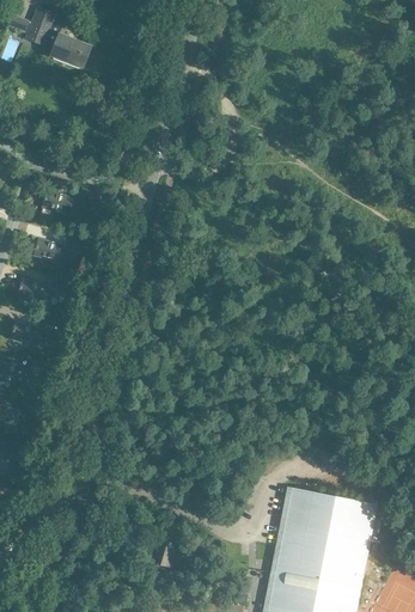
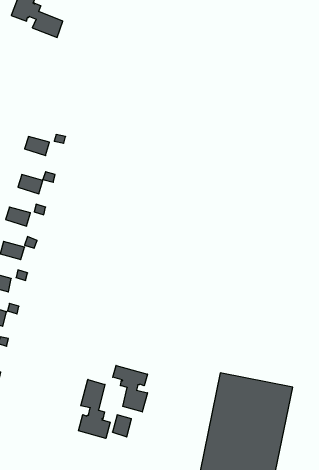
building: none -> [113,365,147,412]
building: none -> [78,379,110,438]

